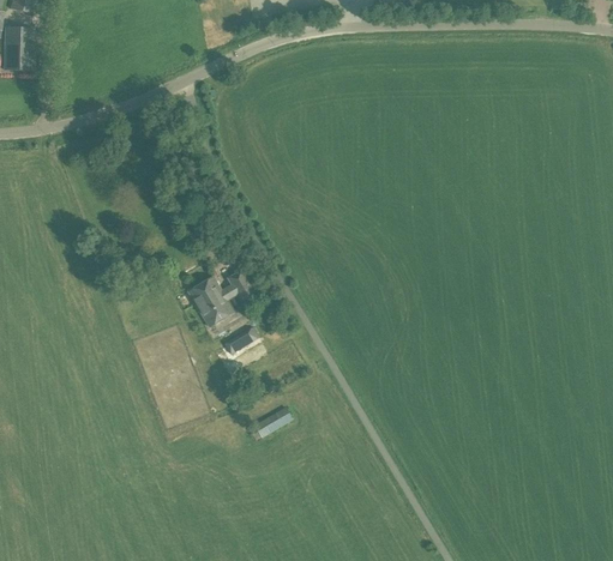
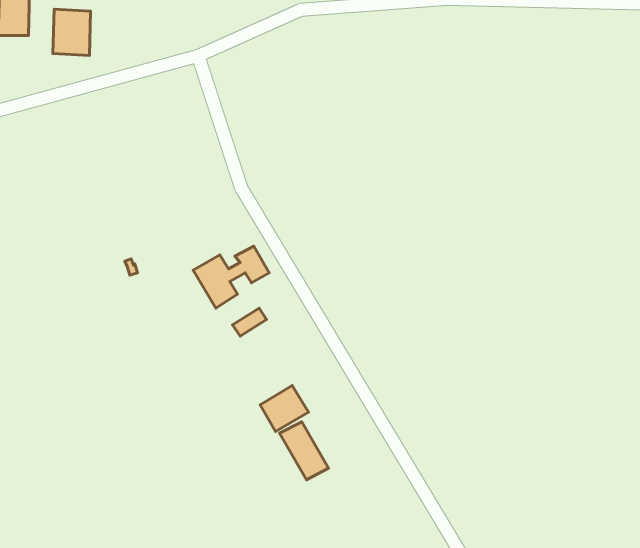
building: none -> [53,9,91,55]
building: none -> [280,422,328,480]

